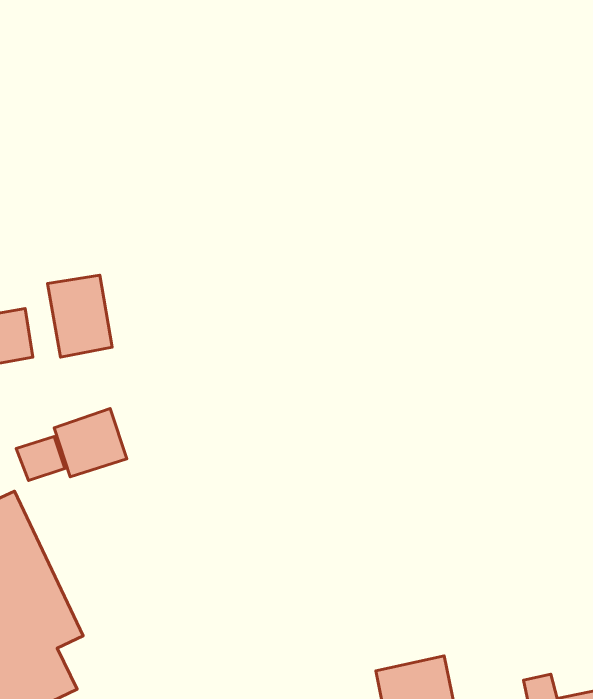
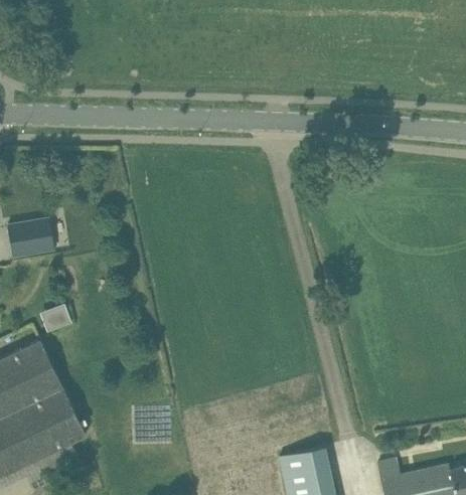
building: [48,275,112,357] -> none
building: [54,408,127,477] -> none

